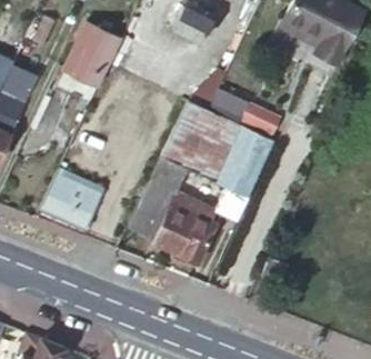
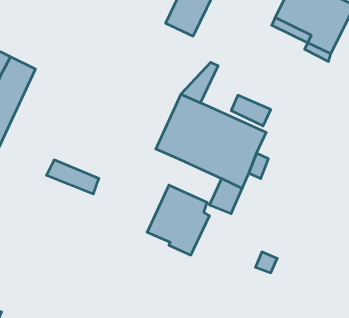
building: [67,23,122,86] -> none
building: [128,157,188,241] -> none
building: [39,183,99,230] -> none

